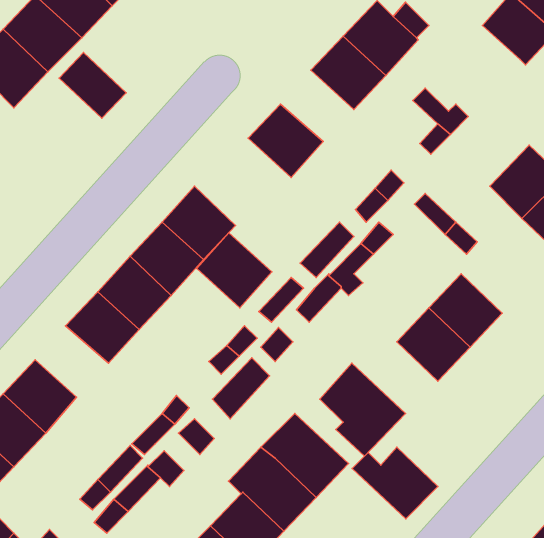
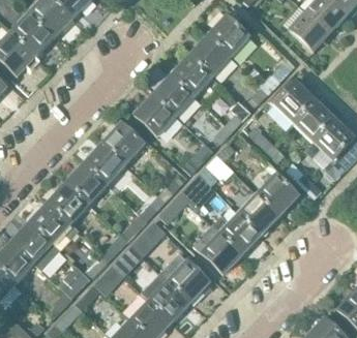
building: [59,53,126,118] -> none
building: none -> [171,54,213,95]
building: none -> [272,79,315,121]
building: [197,233,272,308] -> [133,93,177,136]
building: none -> [29,202,79,243]
building: [352,447,438,519] -> [212,211,262,252]

